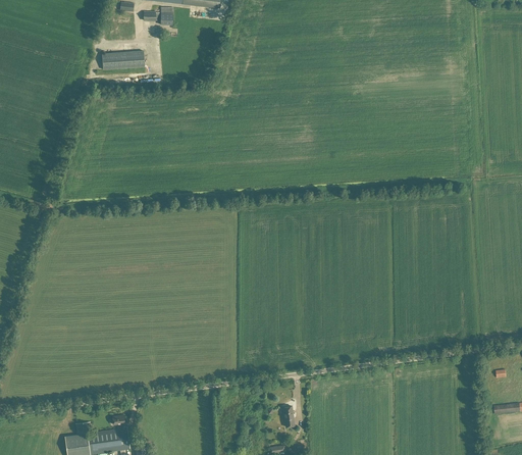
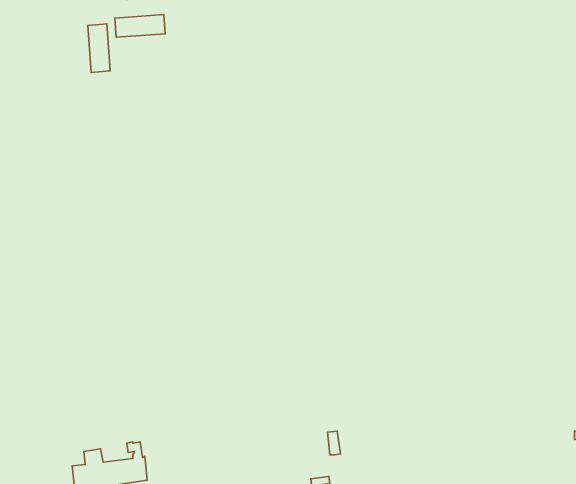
building: none -> [88,24,110,72]

